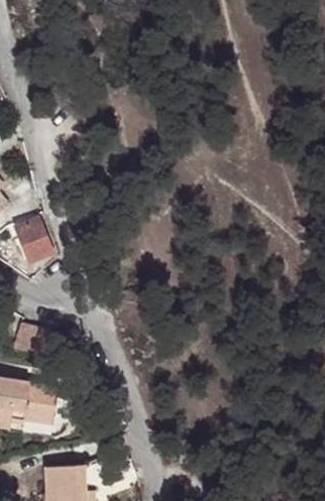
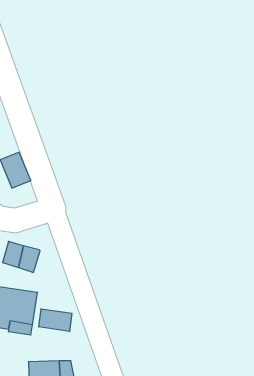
building: none -> [39,309,72,332]

